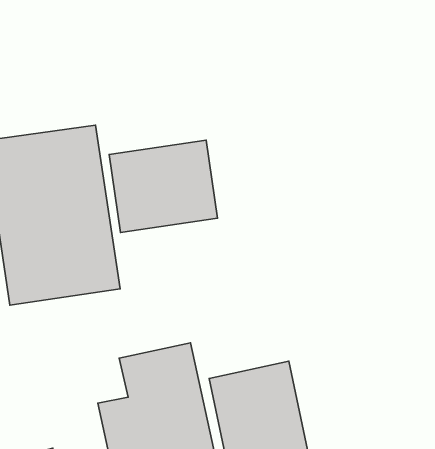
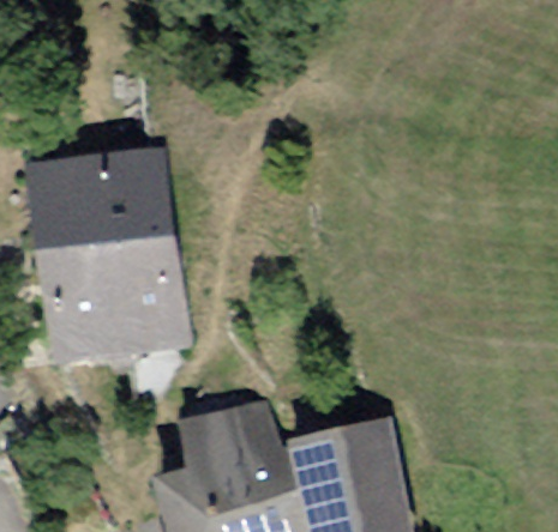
building: [109,140,217,232] -> none

